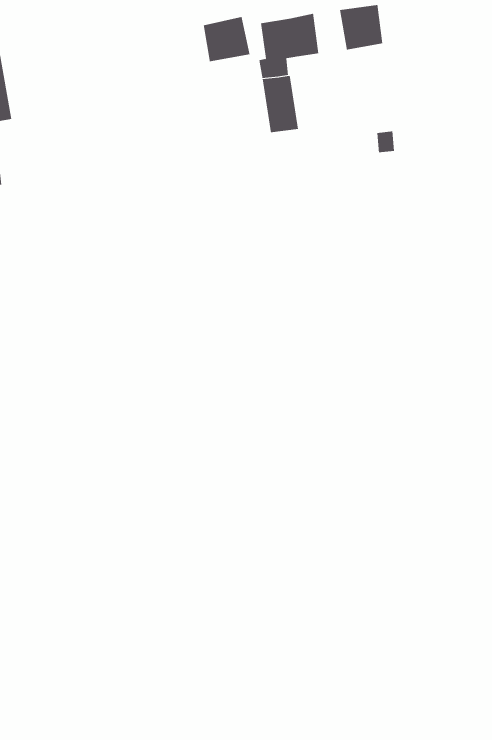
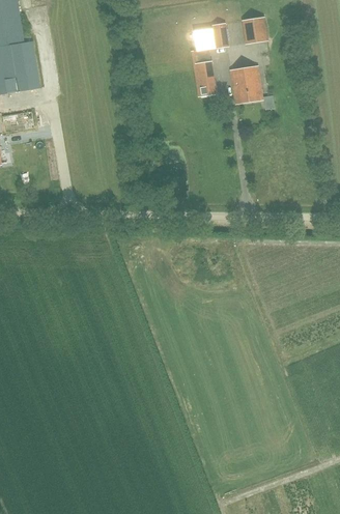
building: [203,16,250,62] -> none
building: none -> [231,66,262,104]

